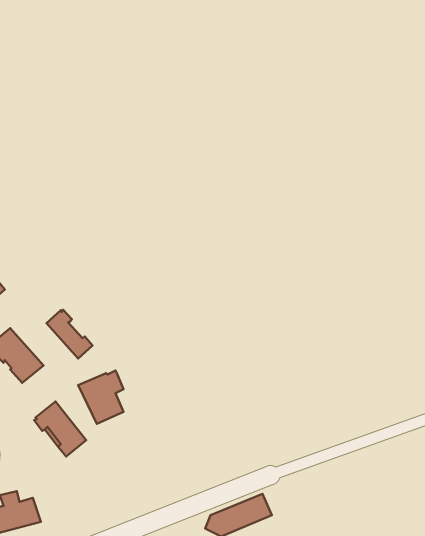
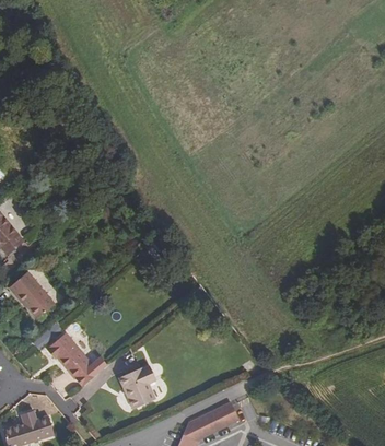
building: [46,310,92,358] -> none
building: [78,370,123,424] -> [114,364,151,408]

